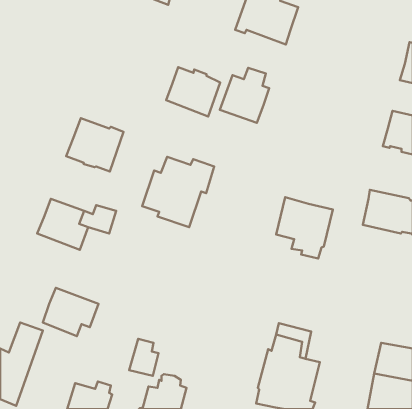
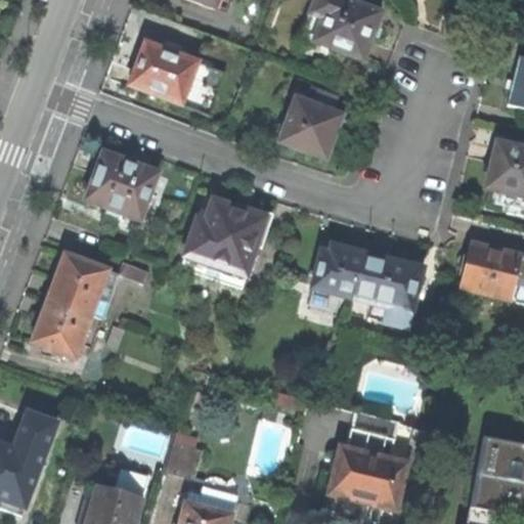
building: [166,67,220,116] -> [128,40,196,102]
building: none -> [308,242,362,303]
building: [43,288,99,336] -> [32,296,102,357]

